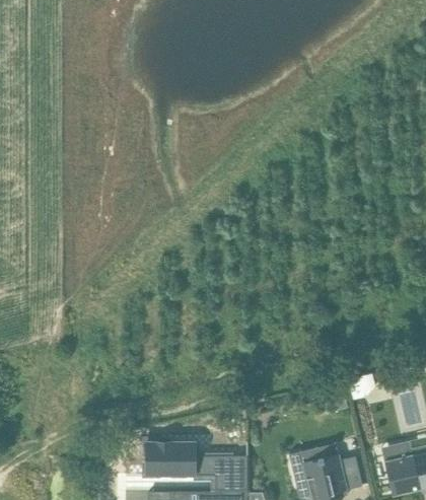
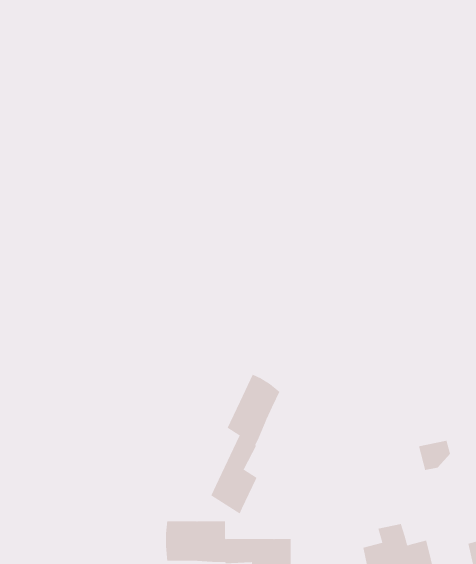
building: none -> [210,374,280,514]

